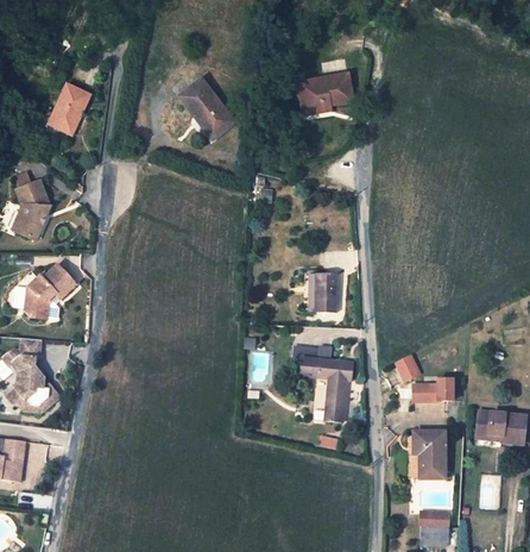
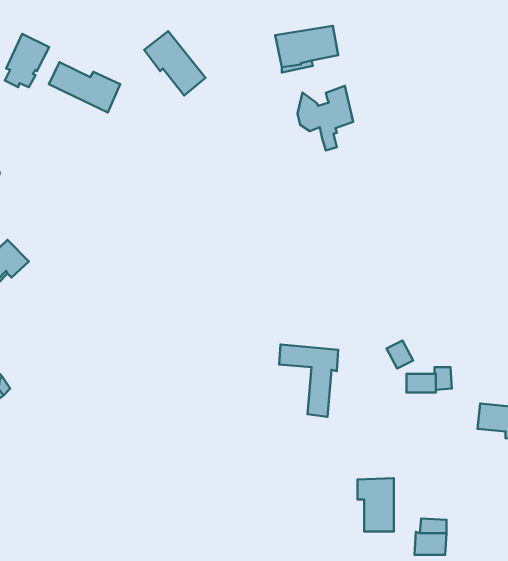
building: none -> [49,62,120,112]
building: none -> [298,86,353,150]
building: [315,274,334,309] -> none
building: [411,429,443,477] -> [358,478,394,532]

